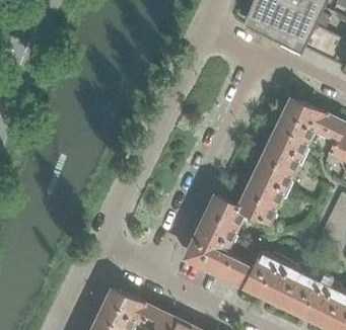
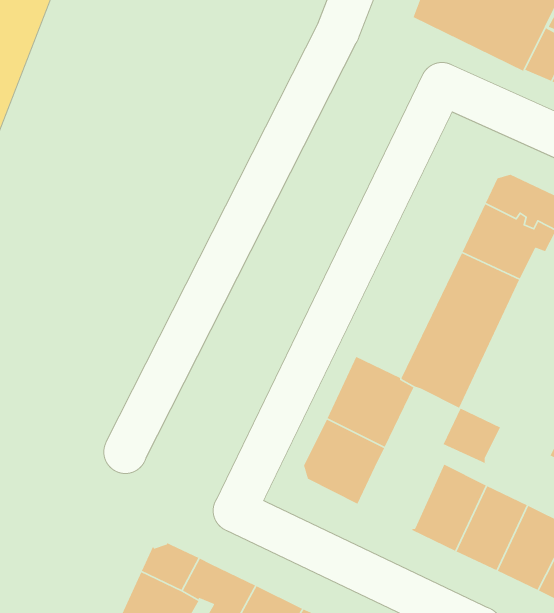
building: [216,252,247,281] -> [443,407,501,464]

